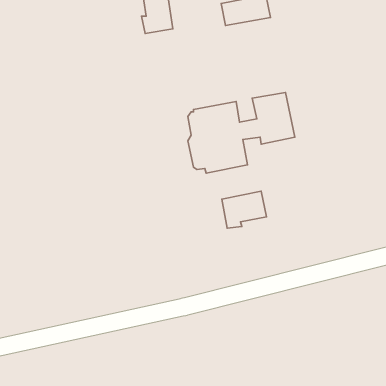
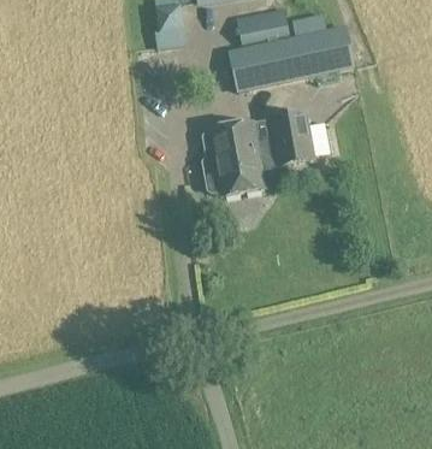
building: none -> [231,26,354,90]
building: [222,191,266,228] -> none

